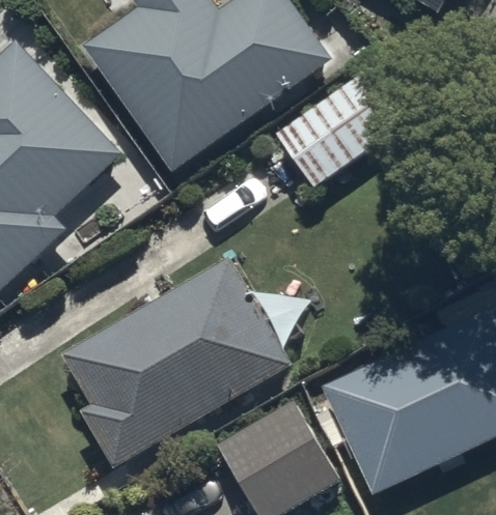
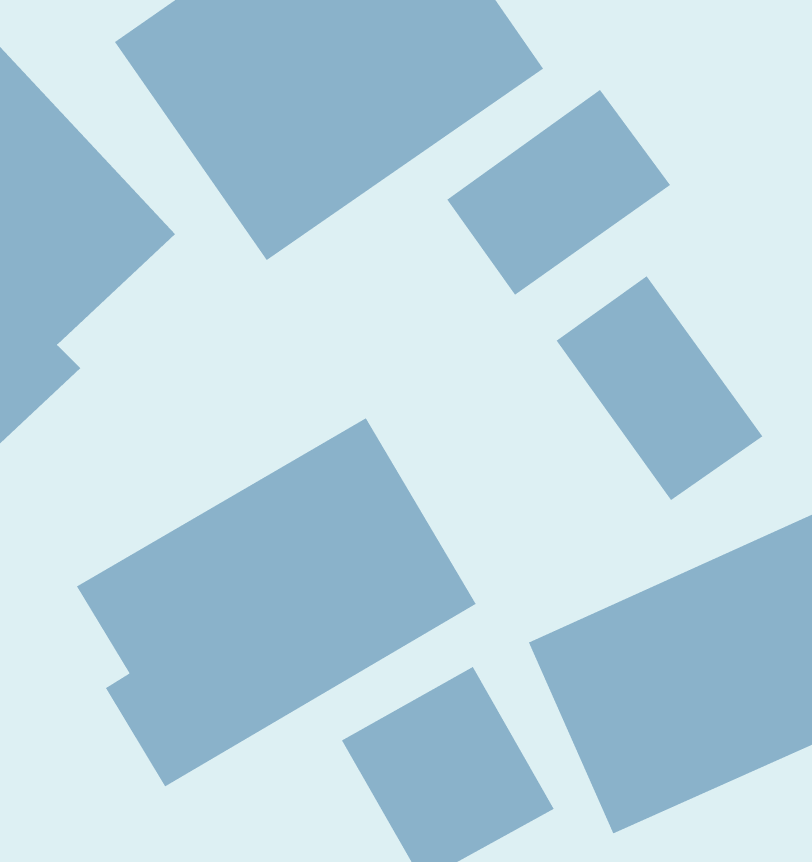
building: none -> [556,275,764,501]

